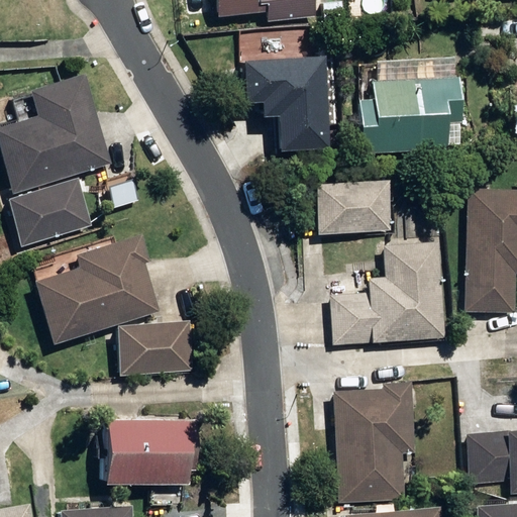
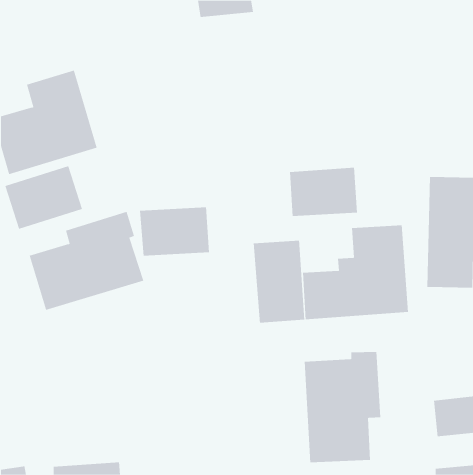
building: [240,51,325,144] -> none
building: [355,80,463,156] -> none
building: none -> [253,240,305,323]
building: [116,316,193,370] -> [139,207,210,256]
building: [96,413,196,480] -> none

